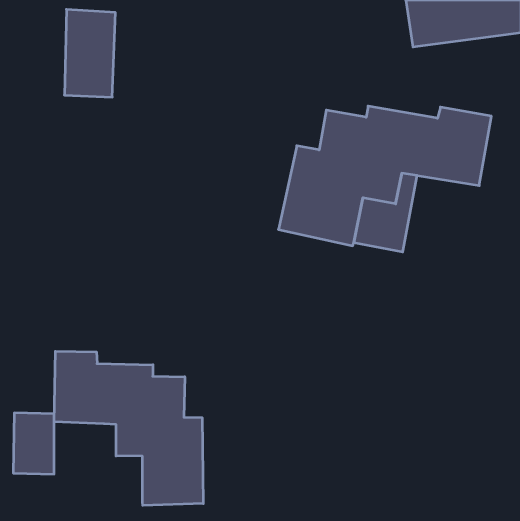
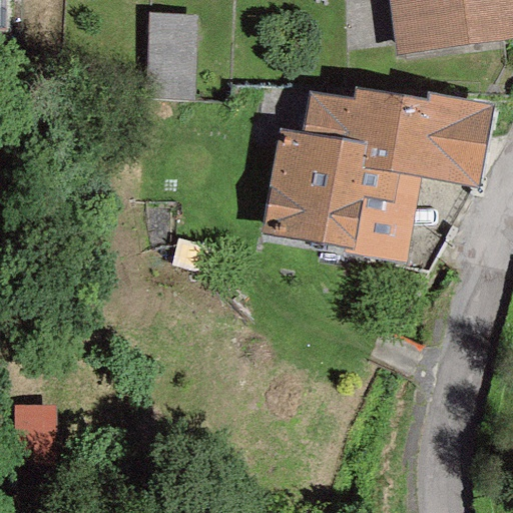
building: [64,9,115,97] -> [147,14,197,100]
building: [54,351,203,505] -> none

